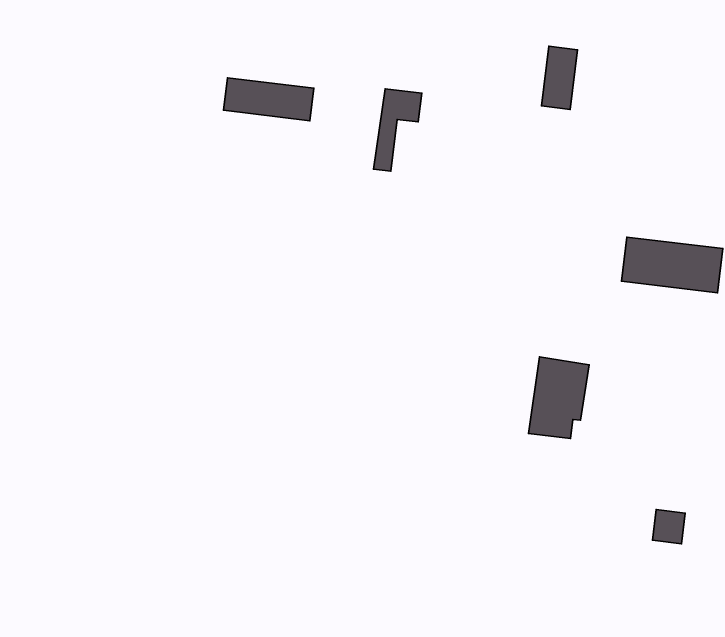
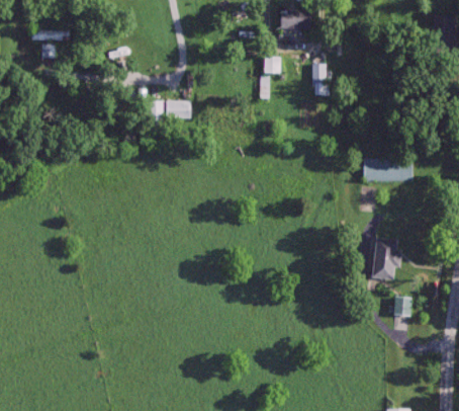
building: [374,89,422,171] -> [260,57,280,99]
building: [528,357,589,439] -> [373,238,400,278]

